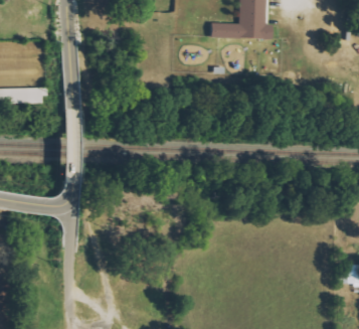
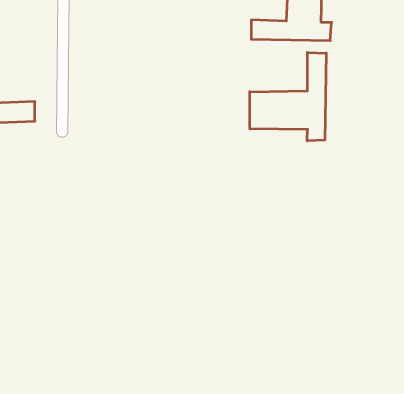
building: none -> [250,52,326,141]

